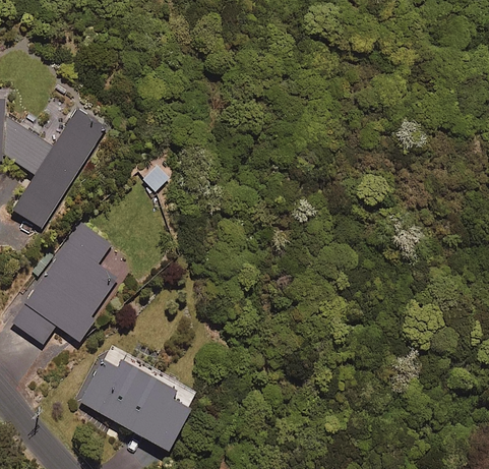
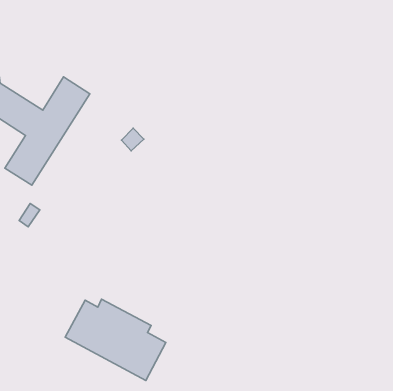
building: [11,224,115,343] -> none

